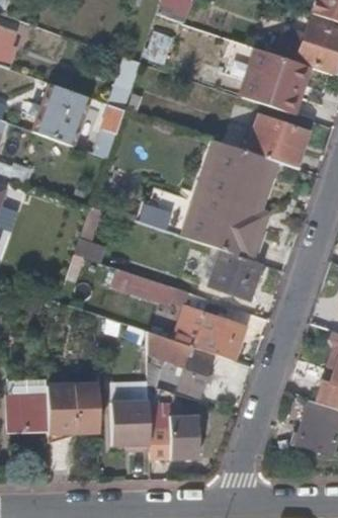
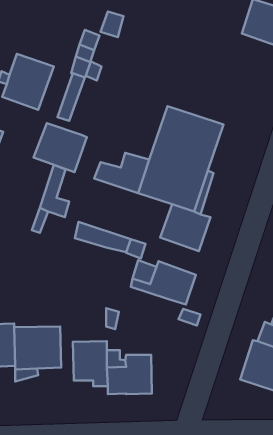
building: [242,50,307,114] -> none
building: [246,114,309,168] -> none
building: none -> [33,123,87,172]
building: [147,331,216,397] -> none

